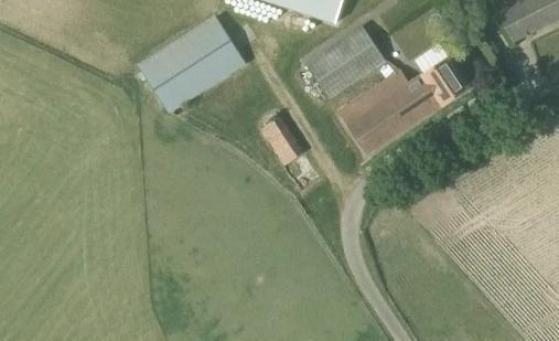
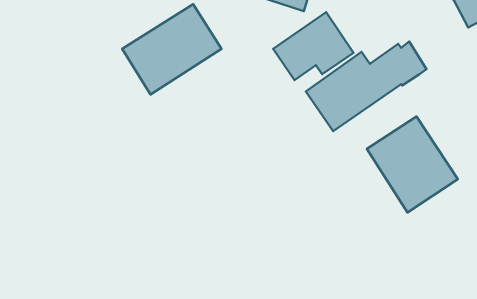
building: [262,117,304,166] -> none
building: none -> [367,117,458,213]

